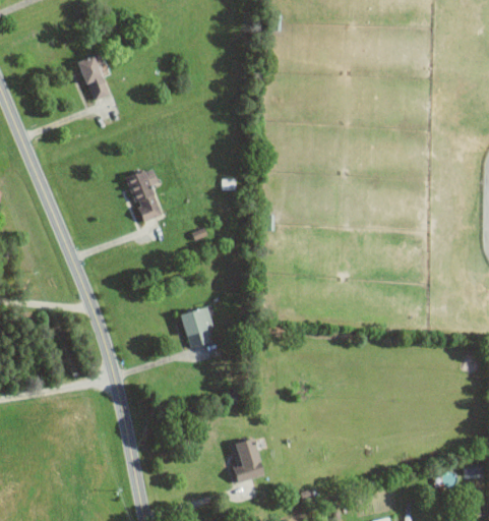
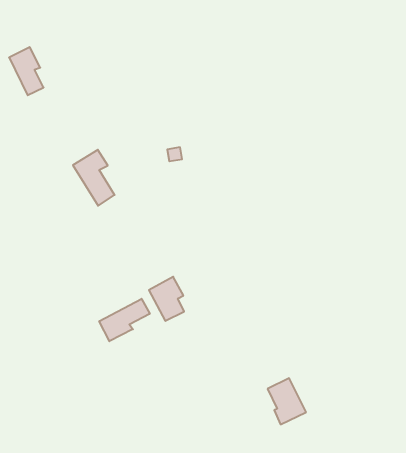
building: none -> [99,299,150,341]
building: [230,438,264,482] -> [268,378,306,424]

